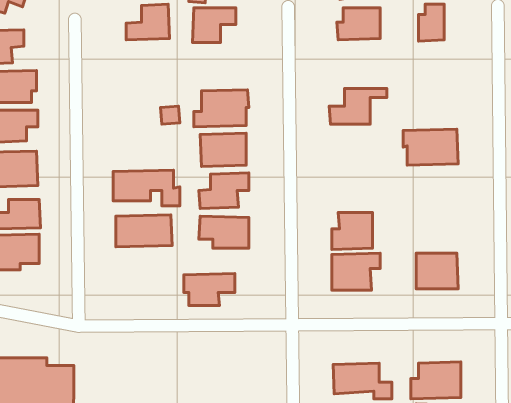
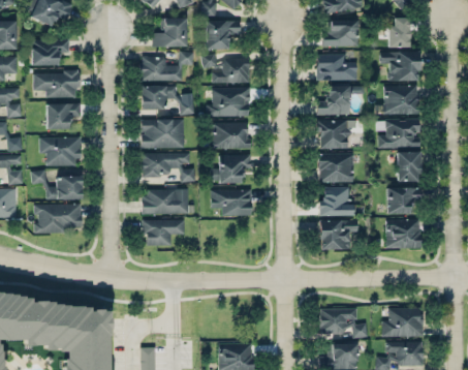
building: none -> [141,52,194,82]
building: none -> [380,52,418,82]
building: none -> [202,55,250,84]
building: none -> [316,55,357,82]
building: none -> [141,86,176,111]
building: none -> [384,86,419,116]
building: none -> [142,120,184,149]
building: none -> [318,120,349,150]
building: none -> [397,153,419,182]
building: none -> [318,154,353,183]
building: none -> [386,188,422,215]
building: [184,273,235,305] -> [143,220,184,246]

